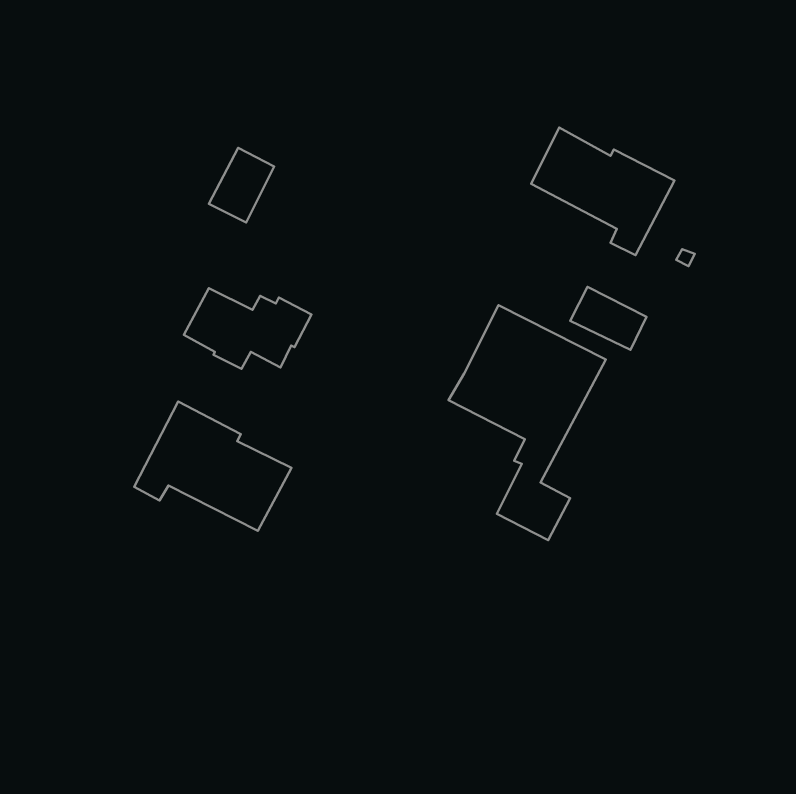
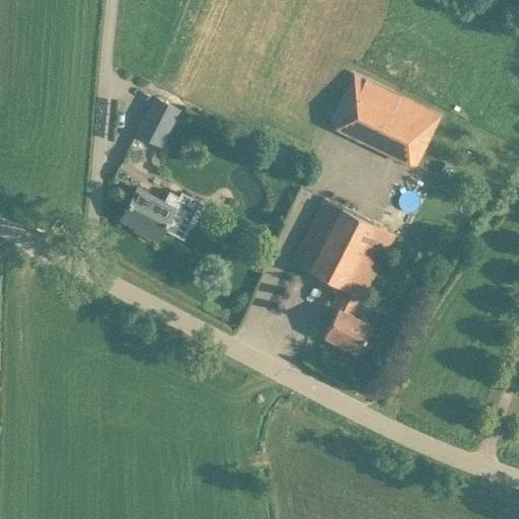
building: [570,287,647,350] -> none
building: [134,401,292,531] -> none

